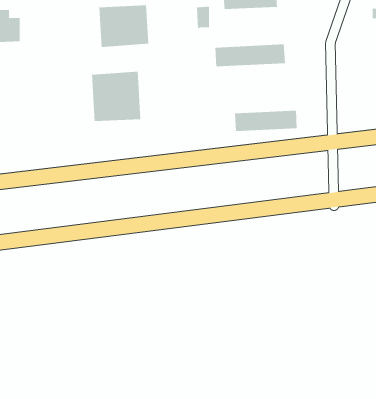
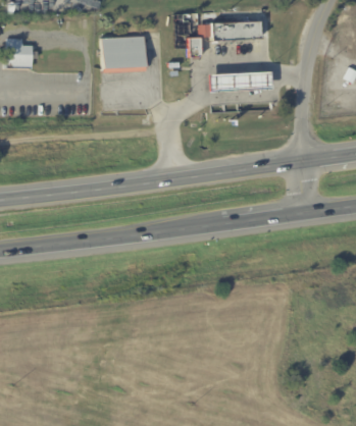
building: [92,71,141,122] -> none
building: [235,110,297,132] -> none

